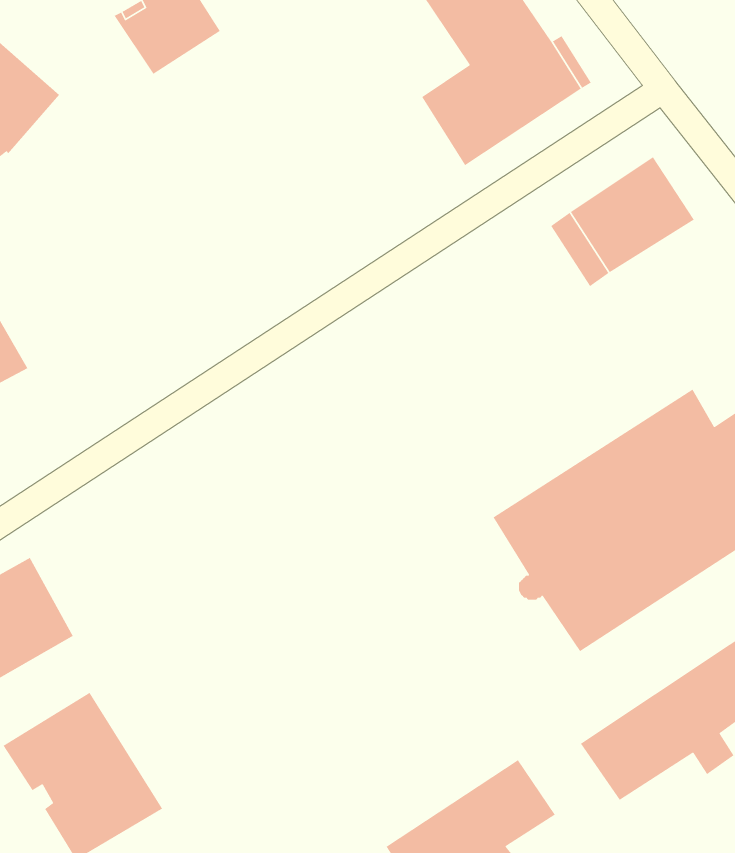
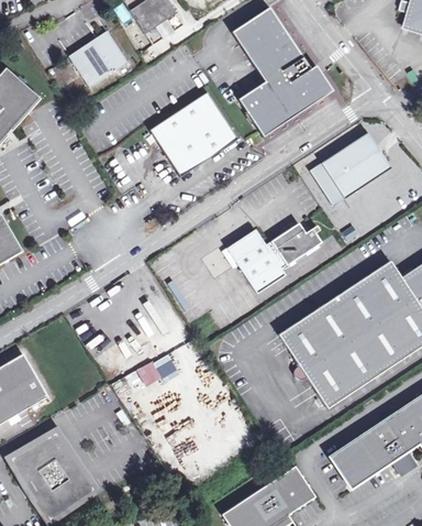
building: none -> [149,89,238,176]
building: none -> [227,221,322,292]

